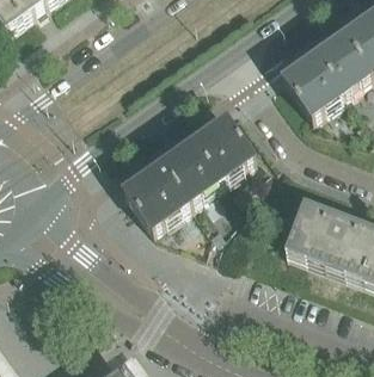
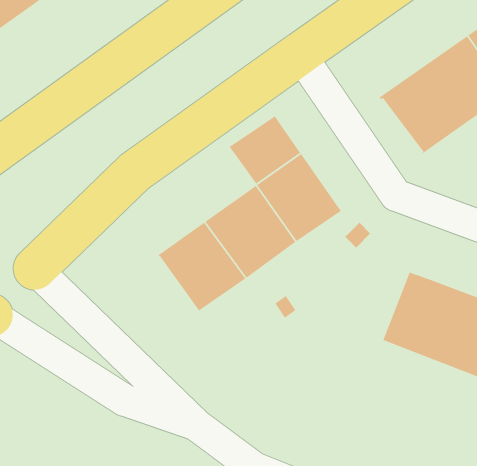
building: none -> [229,116,301,185]

